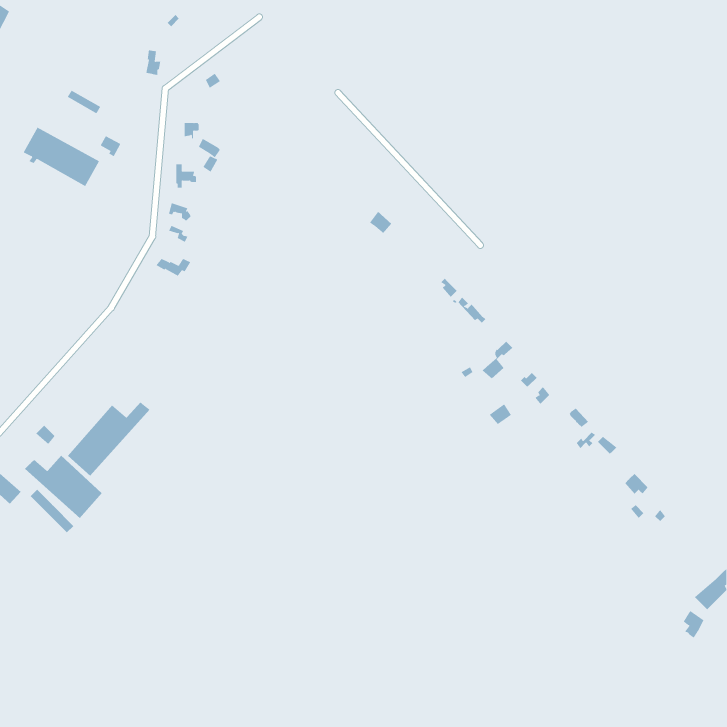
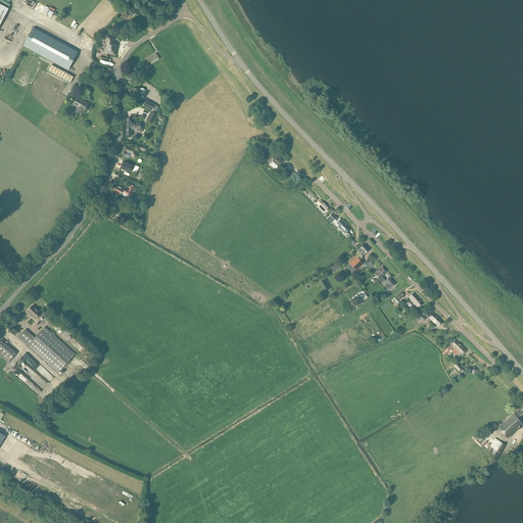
building: [23,127,100,187] -> [21,27,77,69]
building: [67,402,150,477] -> none

